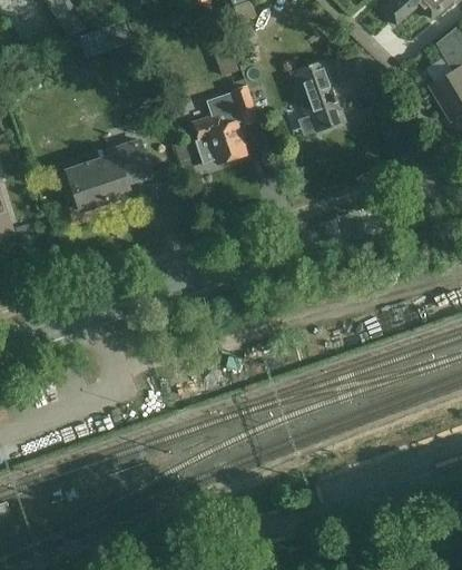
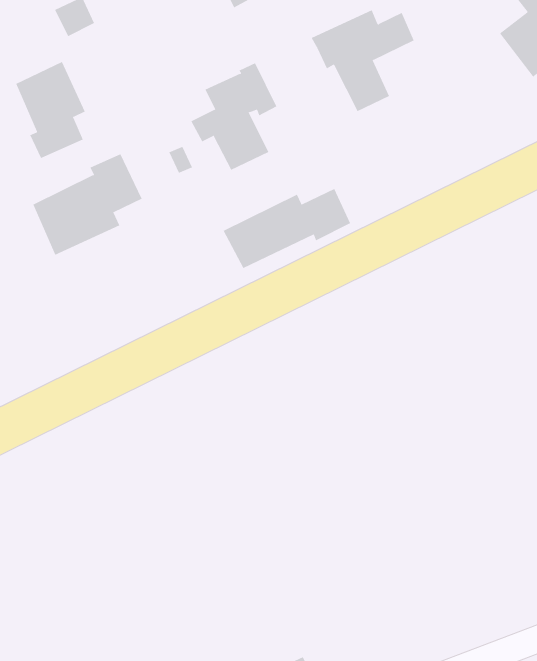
building: none -> [15,61,86,159]
building: none -> [223,188,351,269]

